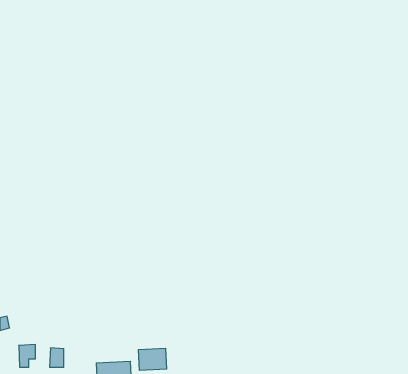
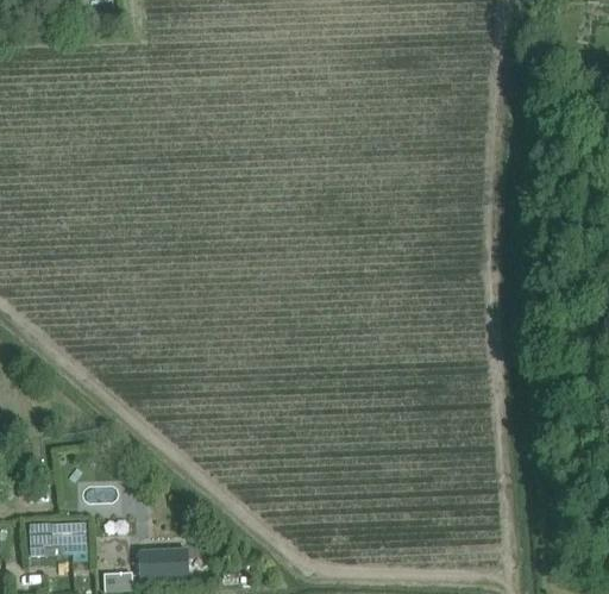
building: [138,348,167,370] -> none

